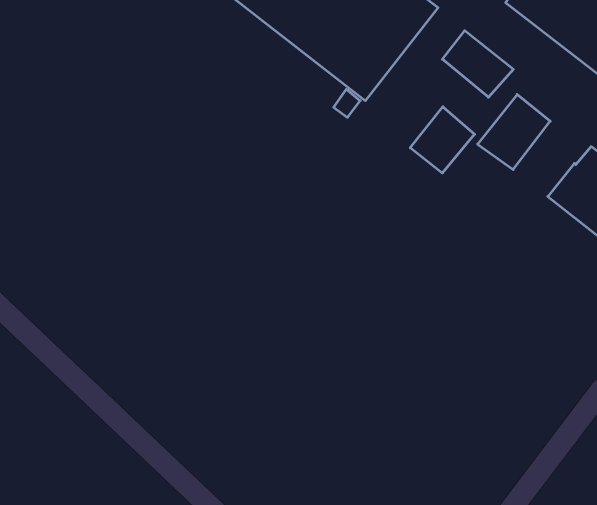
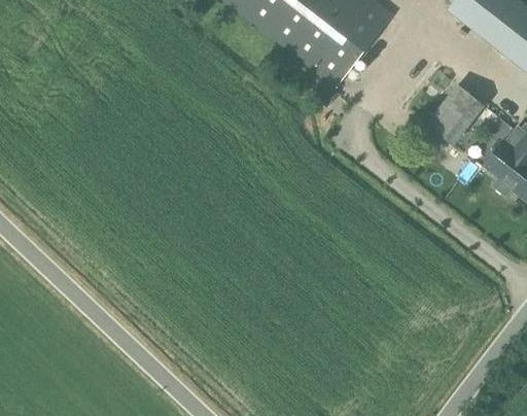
building: [442,31,513,97] -> none
building: [410,107,475,173] -> none

